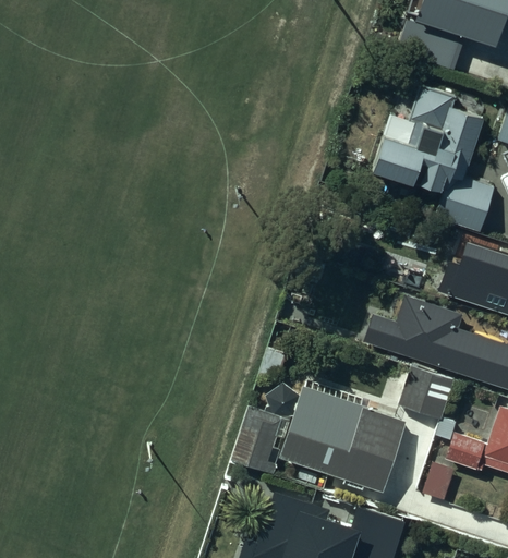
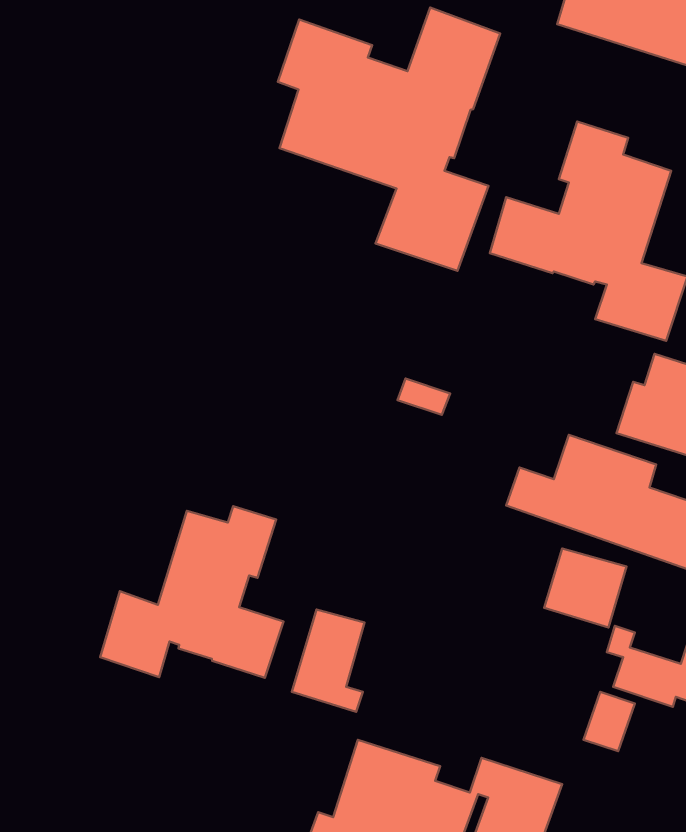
building: none -> [278,7,500,271]
building: none -> [100,506,283,678]
building: [287,392,411,496] -> none

